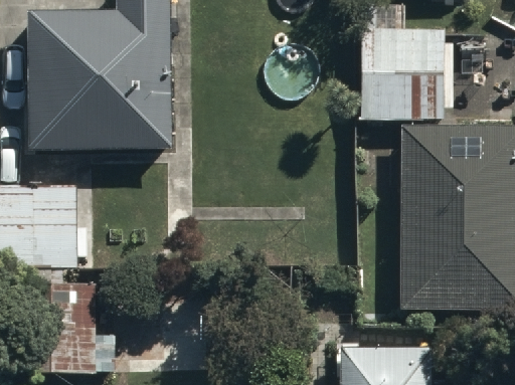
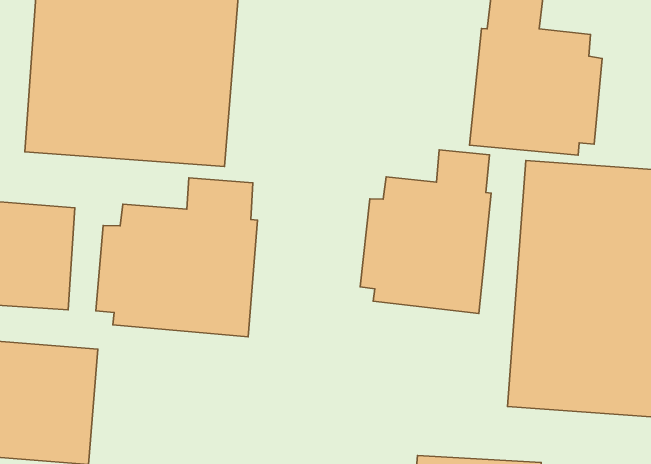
building: none -> [360,150,491,313]
building: none -> [96,178,257,337]

